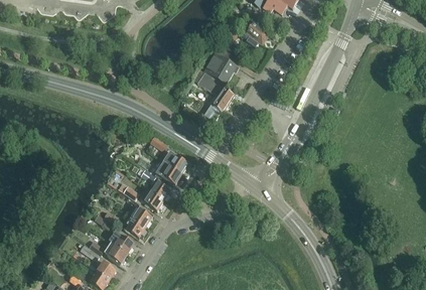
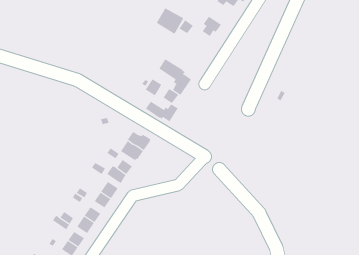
building: [204,52,236,83] -> [156,7,184,35]
building: none -> [145,101,179,122]

